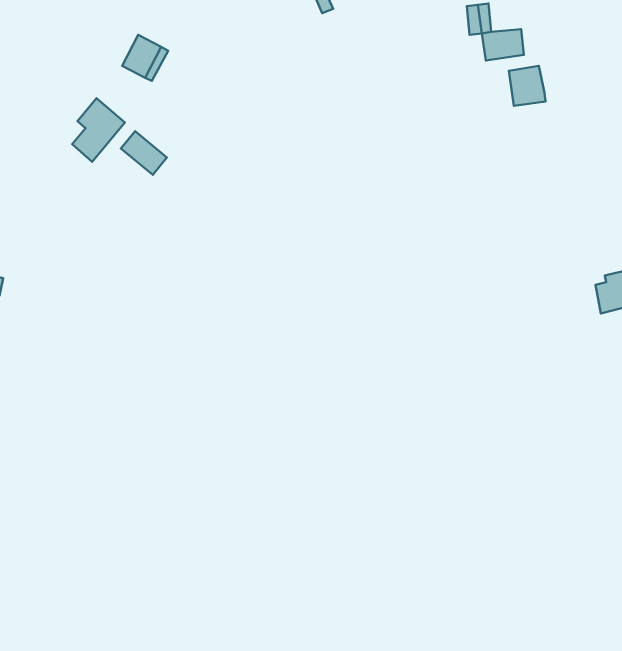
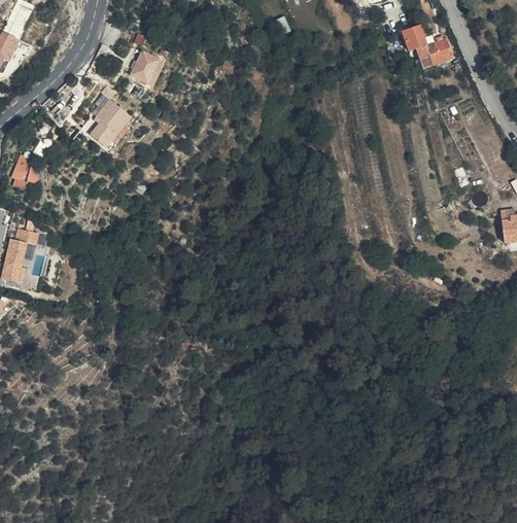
building: [509,66,546,106] -> none
building: [121,131,167,175] -> none

